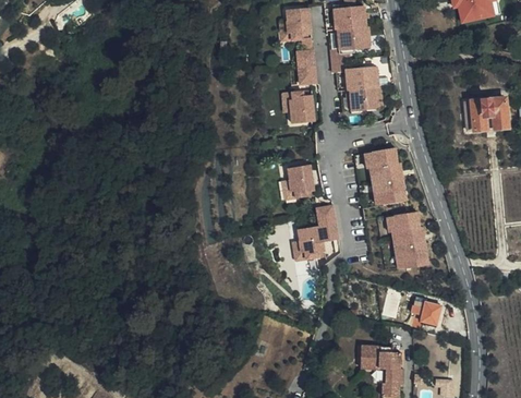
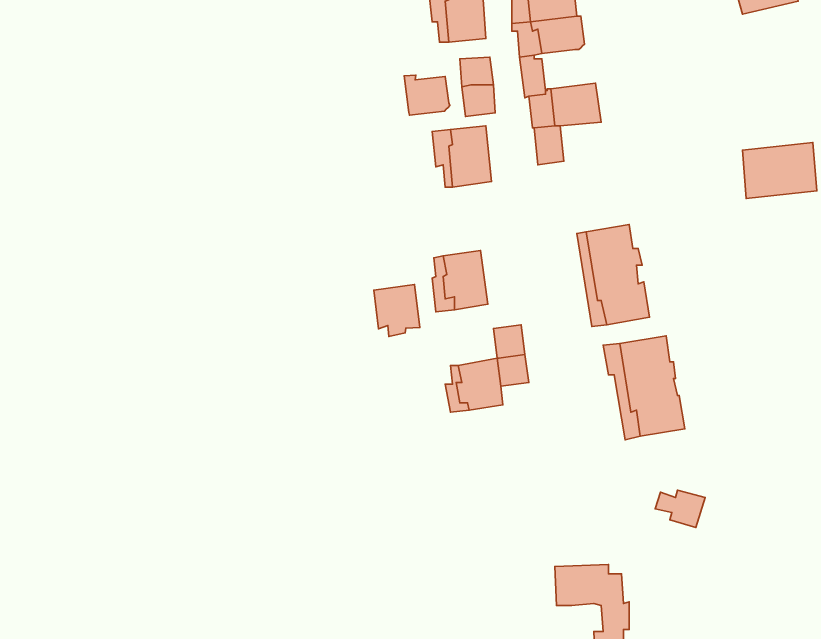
building: none -> [404,75,450,115]
building: [356,86,385,109] -> none
building: none -> [374,284,420,336]

